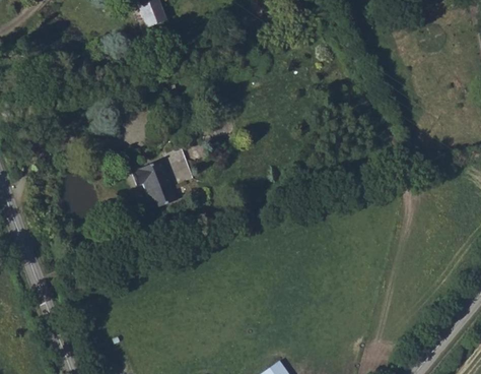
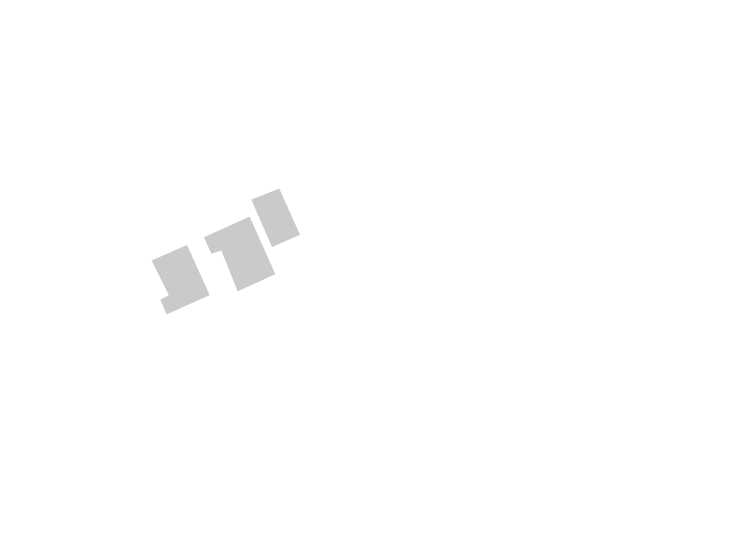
building: none -> [150,244,211,315]

